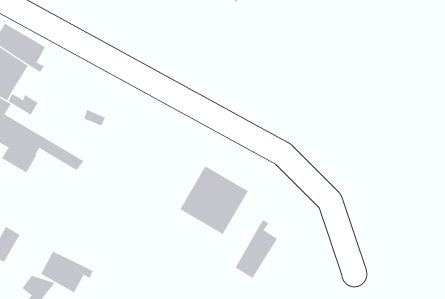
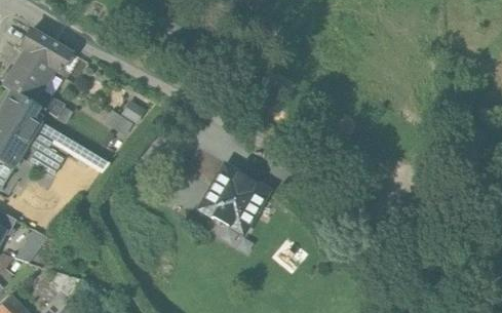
building: [235,219,278,279] -> none
building: [41,251,94,293] -> none

